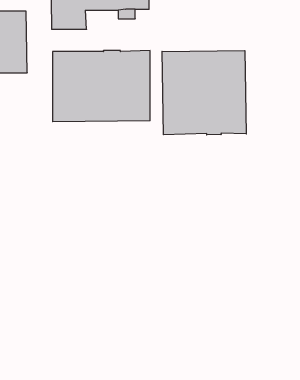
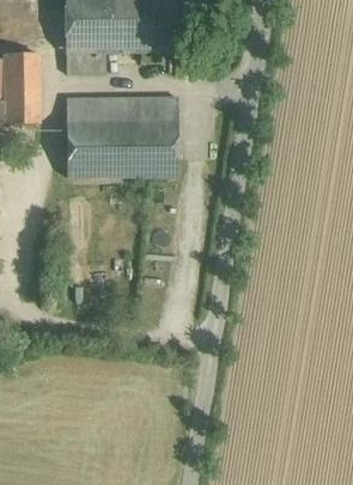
building: [162,51,246,135] -> none

